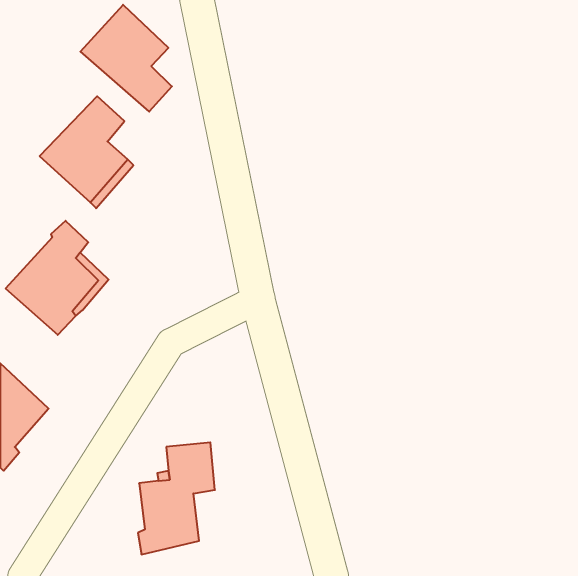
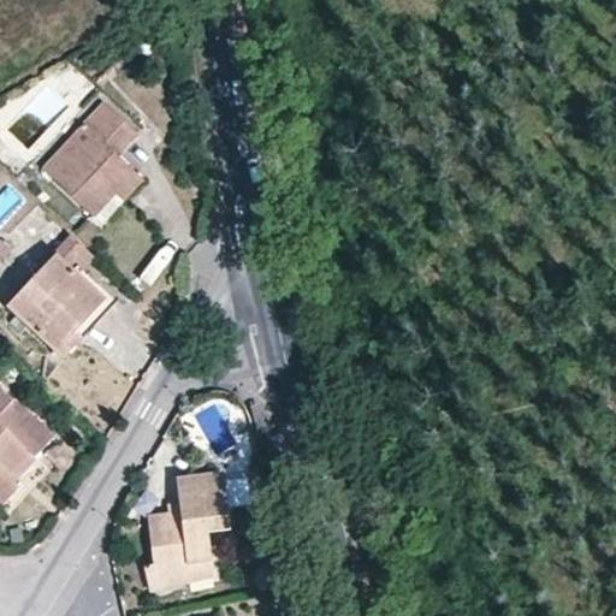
building: [80,5,172,112] -> none

